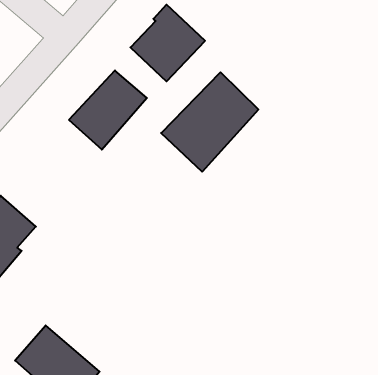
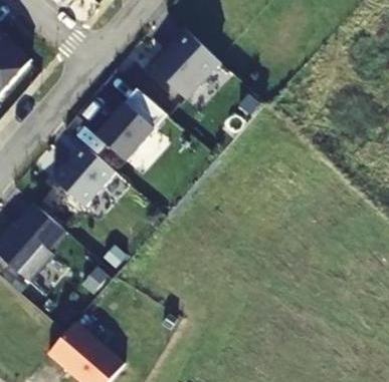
building: [161,72,258,172] -> none
building: none -> [52,143,116,207]

